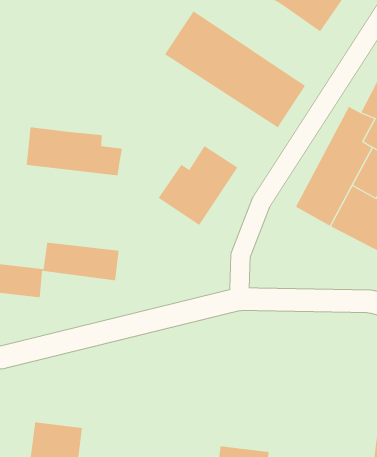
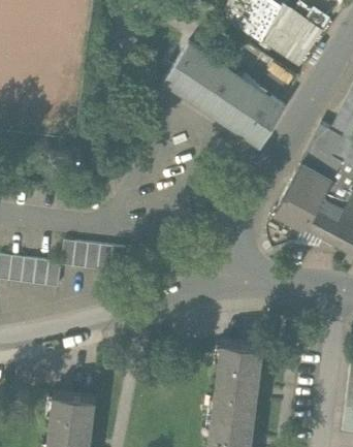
building: [26,127,123,176] -> none
building: [158,145,238,226] -> none
building: none -> [212,342,262,419]

